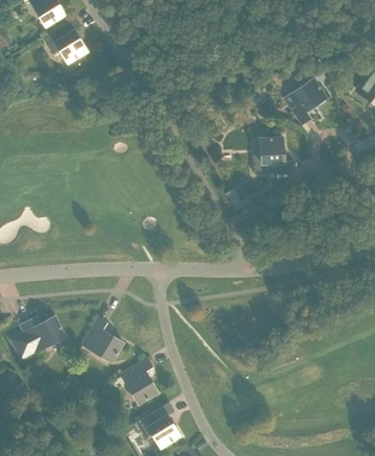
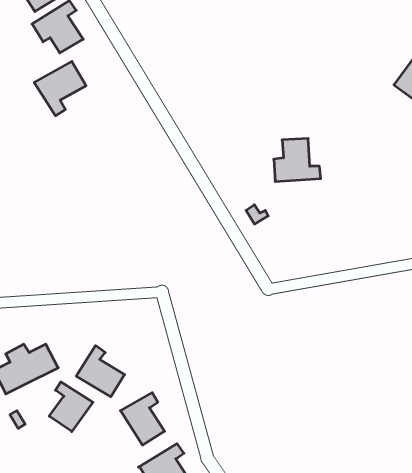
building: none -> [34,61,86,116]
building: [284,78,326,124] -> none
building: none -> [49,382,93,432]

